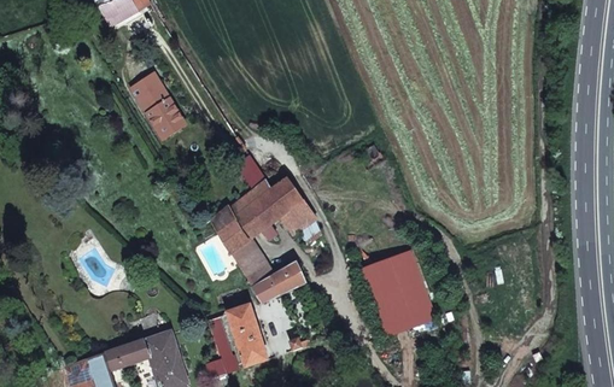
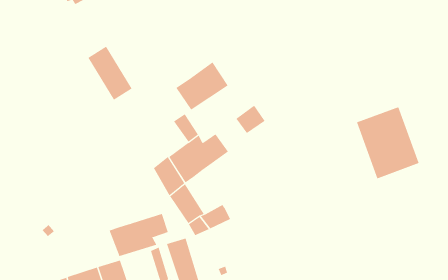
building: none -> [175,62,229,110]
building: [280,199,316,234] -> [236,105,265,134]
building: [358,248,435,336] -> [356,106,420,179]
building: none -> [109,213,168,257]

